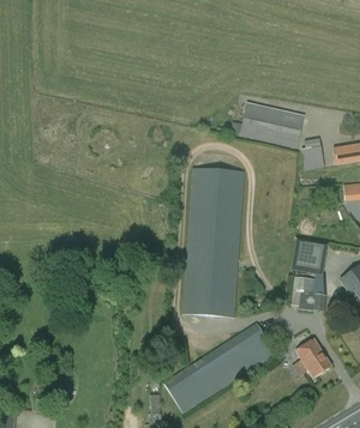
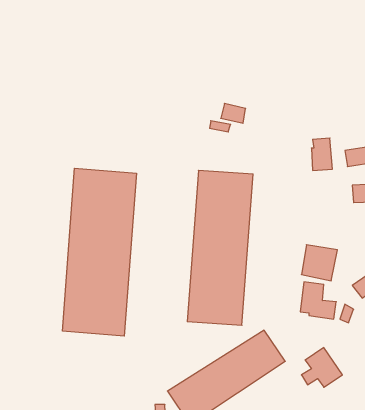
building: [239,101,304,147] -> none
building: none -> [63,168,136,336]

